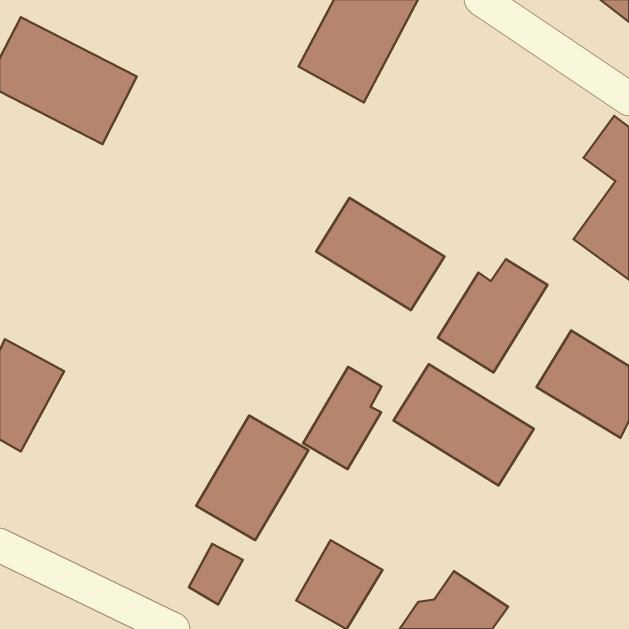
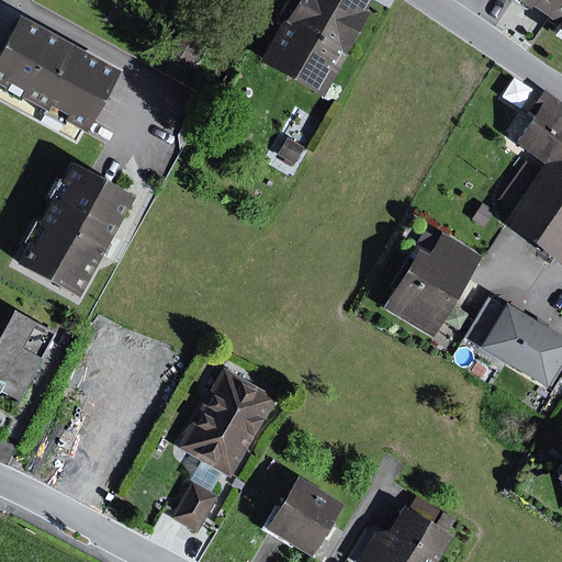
building: none -> [12,162,135,301]
building: [316,198,444,310] -> none
building: [394,364,534,485] -> none
building: [303,367,382,469] -> none

